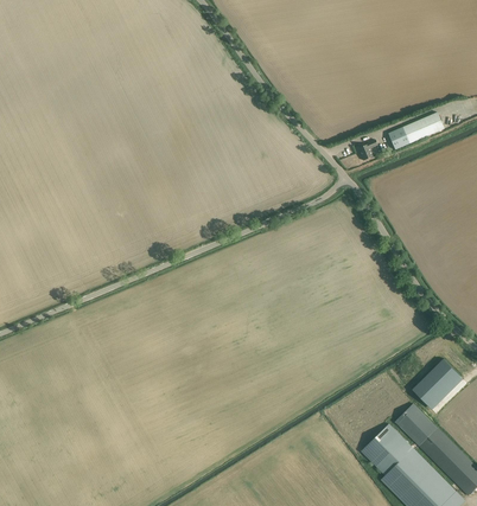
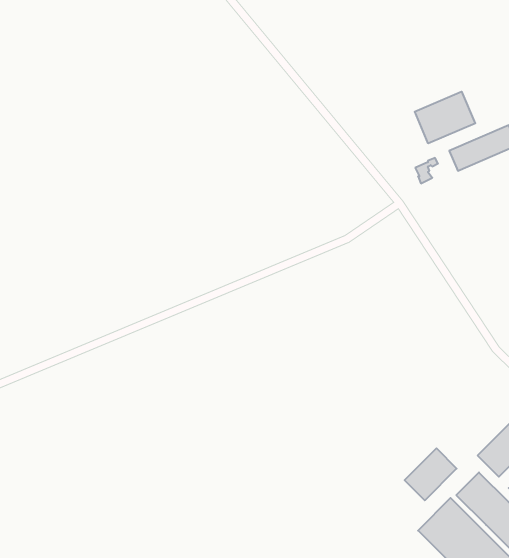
building: none -> [415,92,475,143]
building: none -> [405,448,457,500]

